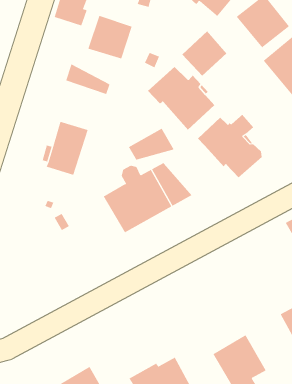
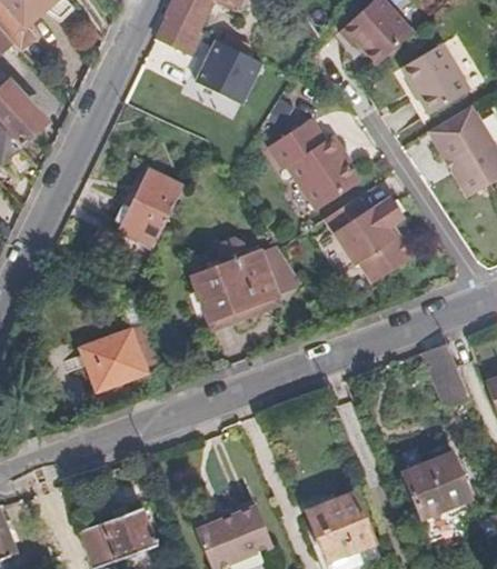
building: [182,31,227,76] -> none
building: [65,64,110,95] -> none
building: [128,128,175,160] -> none
building: none -> [80,325,159,390]

